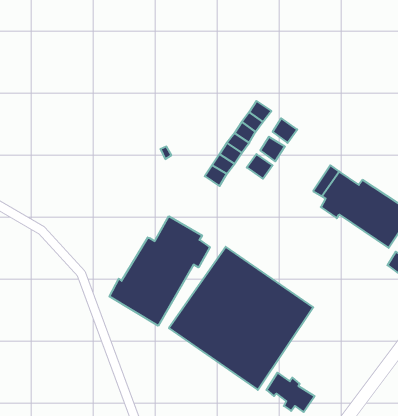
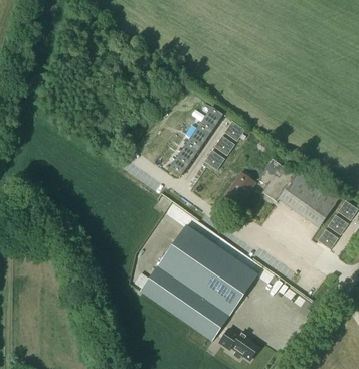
building: none -> [226,173,254,204]
building: [109,216,210,326] -> none

